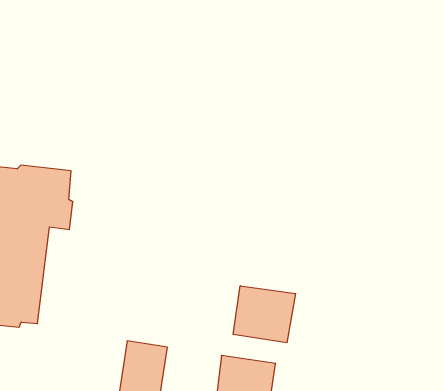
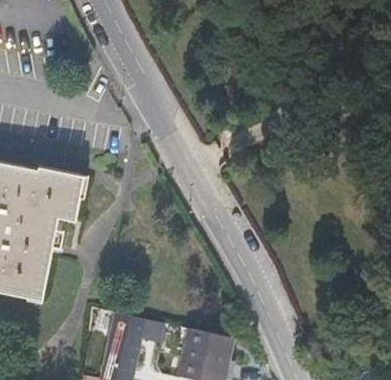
building: [233,286,296,343] -> none

